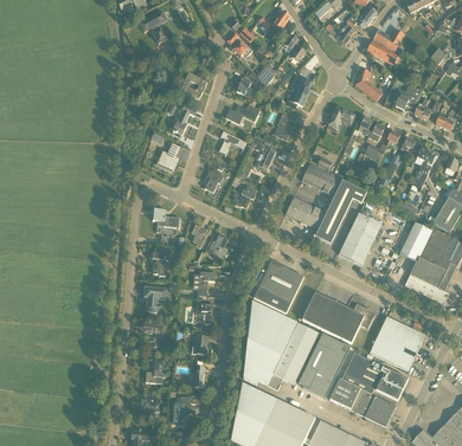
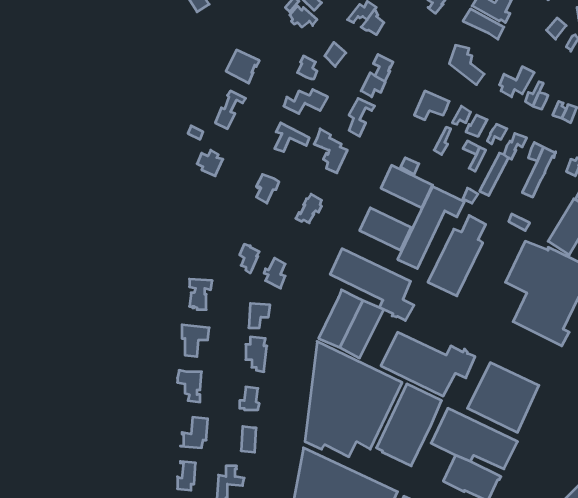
building: [153,208,179,240] -> none
building: none -> [330,249,414,321]
building: [329,379,359,409] -> none

